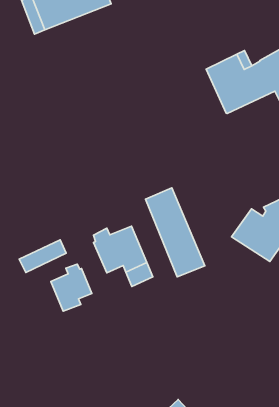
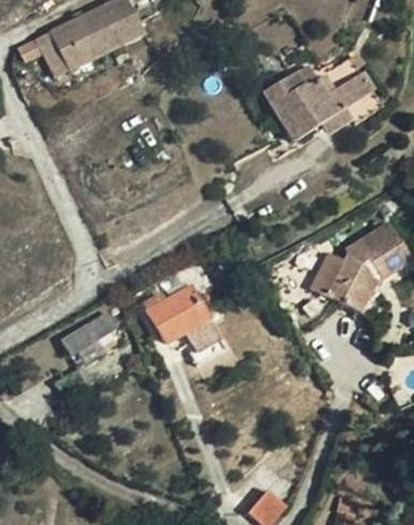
building: [145,188,205,277] -> none
building: [51,264,92,311] -> none

